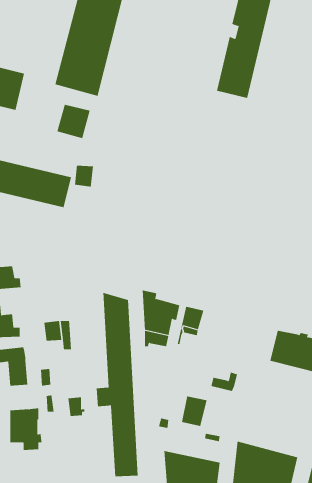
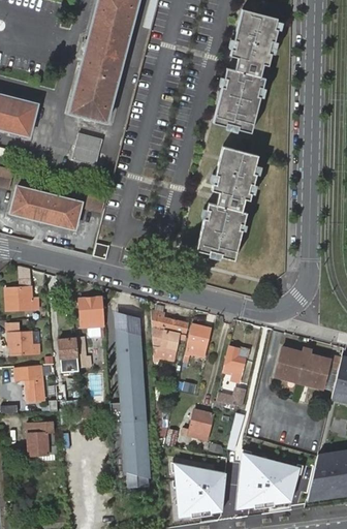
building: none -> [207,151,260,254]
building: none -> [80,297,102,326]
building: none -> [223,345,247,384]

